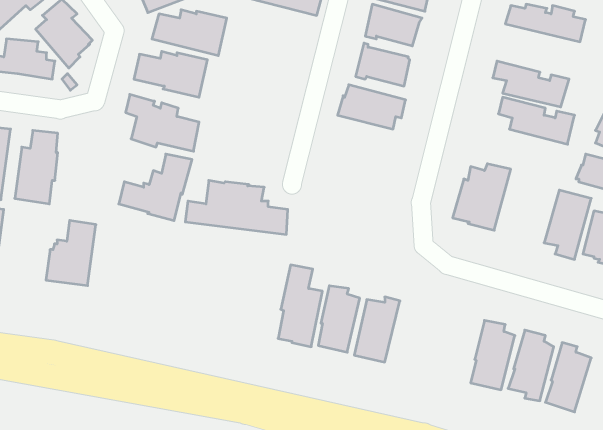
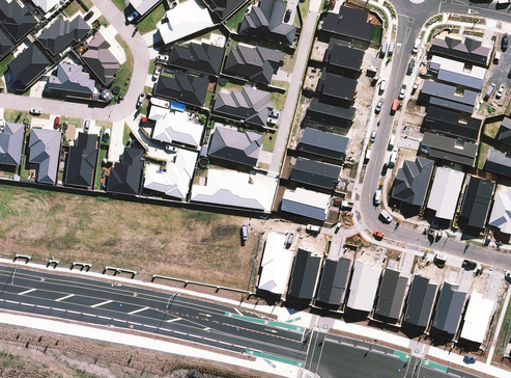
building: none -> [223,44,284,83]
building: none -> [430,55,487,89]
building: none -> [211,84,273,126]
building: none -> [207,124,262,165]
building: none -> [300,127,350,160]
building: none -> [422,132,479,166]
building: none -> [291,156,343,189]
building: none -> [427,166,465,220]
building: none -> [282,186,331,220]
building: [46,220,96,286] -> [106,145,143,194]
building: none -> [348,259,381,310]
building: none -> [376,267,409,318]

